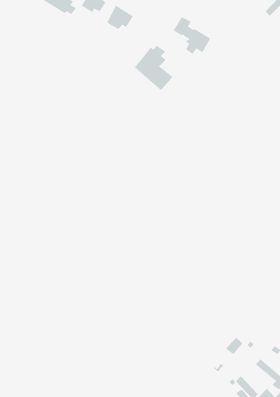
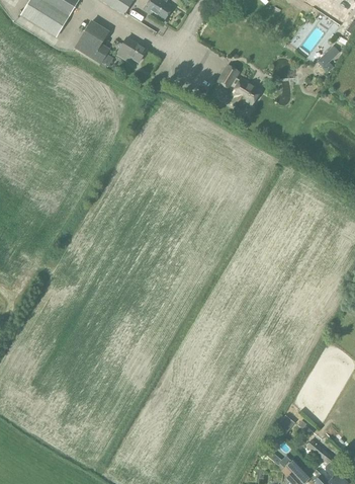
building: [106,4,134,30] -> none
building: [134,45,174,91] -> none

